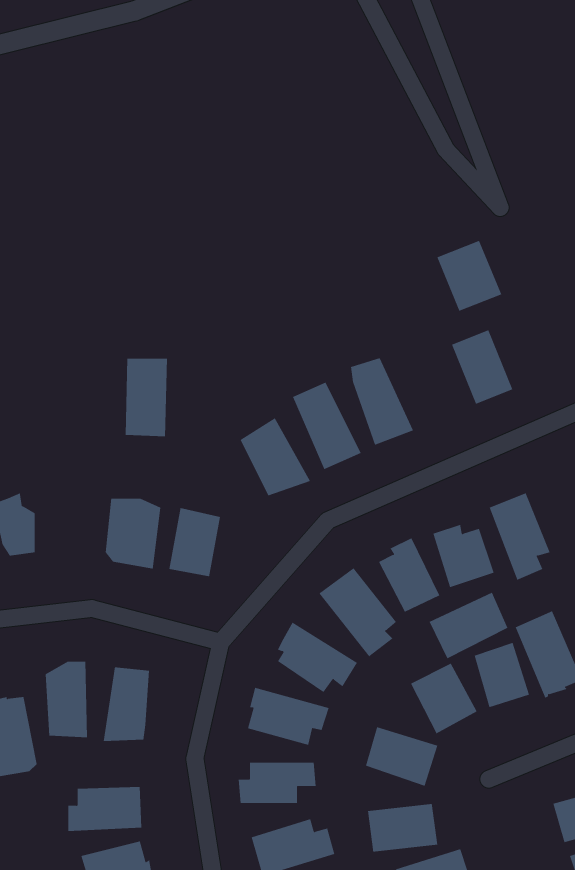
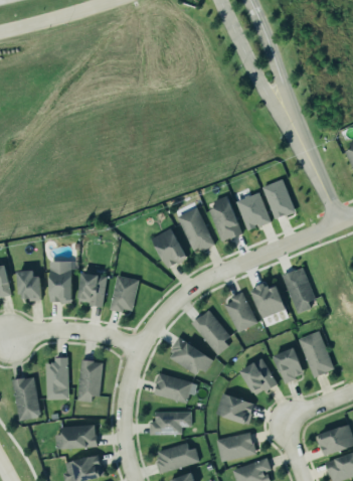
building: [436,240,502,312] -> [236,192,272,230]
building: [125,358,168,437] -> [49,261,72,303]
building: [429,592,508,659] -> none

